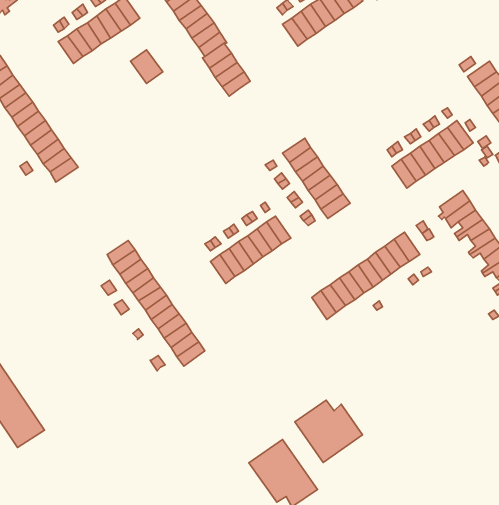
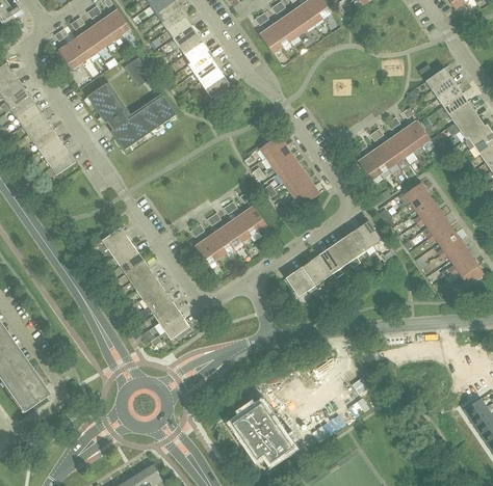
building: none -> [86,81,176,150]
building: [295,400,363,462] -> none

